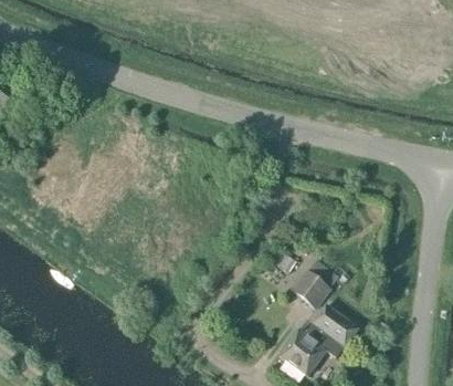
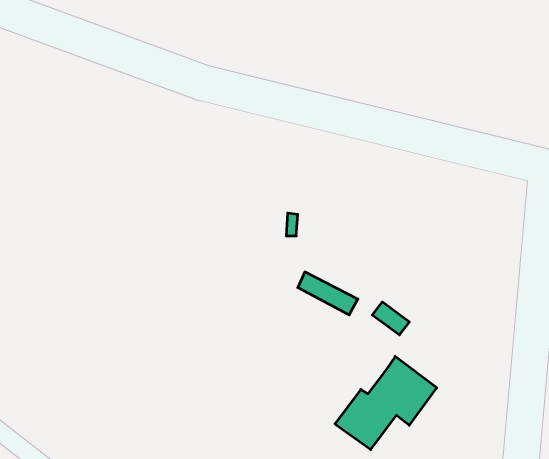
building: [293,272,330,307] -> none

